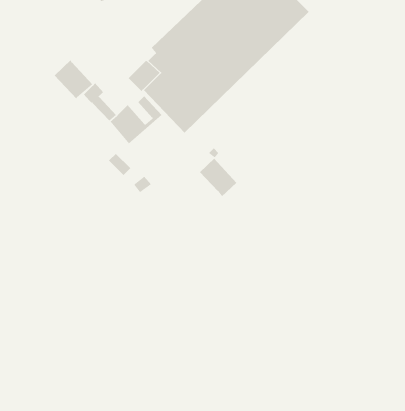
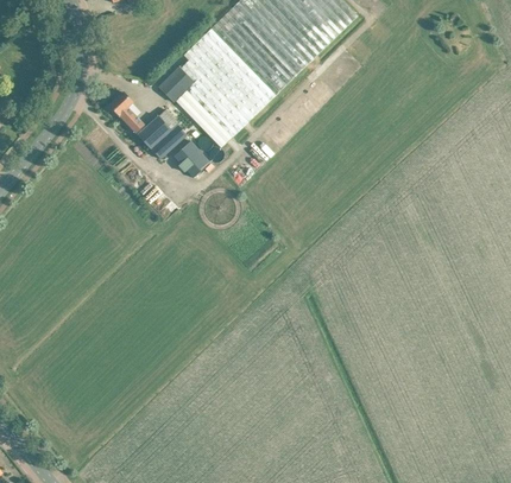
building: [54,59,93,99] -> none
building: [199,158,237,197] -> [174,140,215,183]

